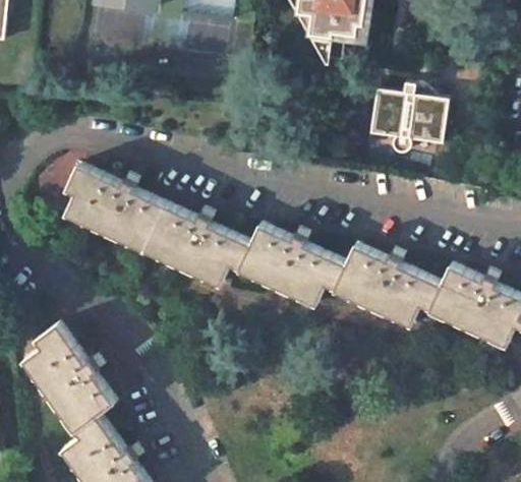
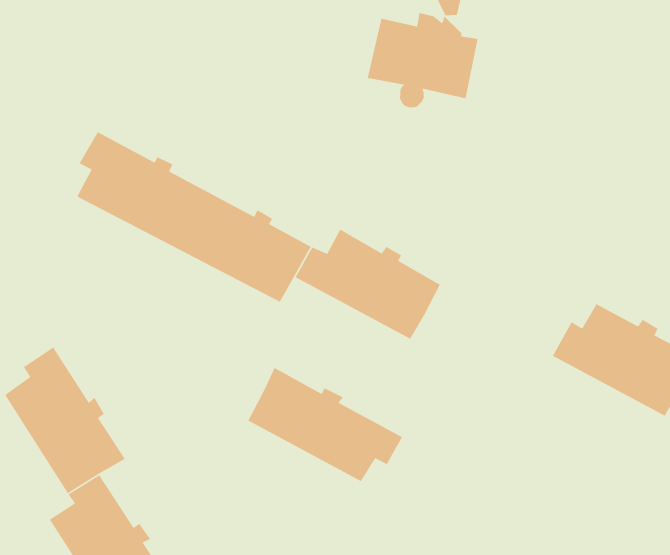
building: [368,83,448,154] -> [367,12,479,108]
building: [325,246,431,324] -> none
building: none -> [247,367,403,482]

